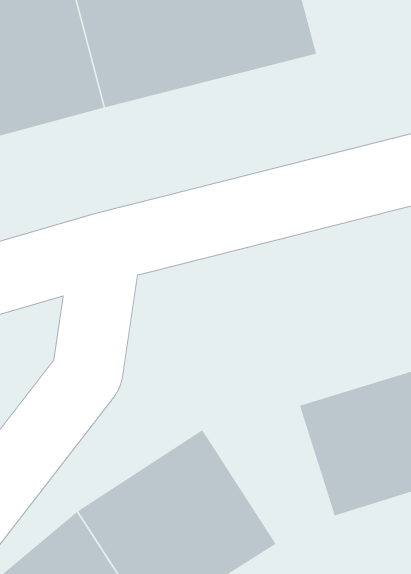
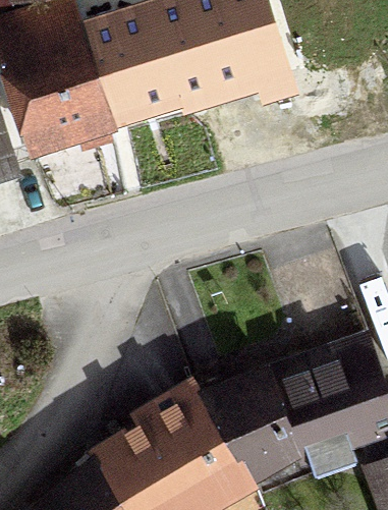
building: none -> [198,367,300,479]

